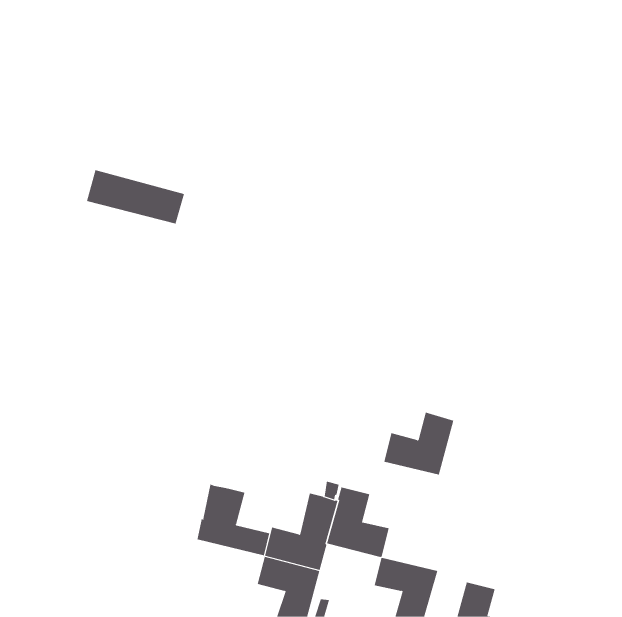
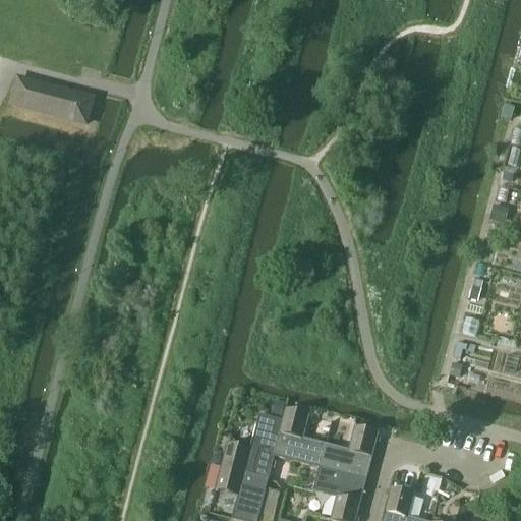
building: [86,170,185,224] -> [10,79,93,125]
building: [384,412,454,475] -> [320,424,379,477]
building: [197,484,270,556] -> none

